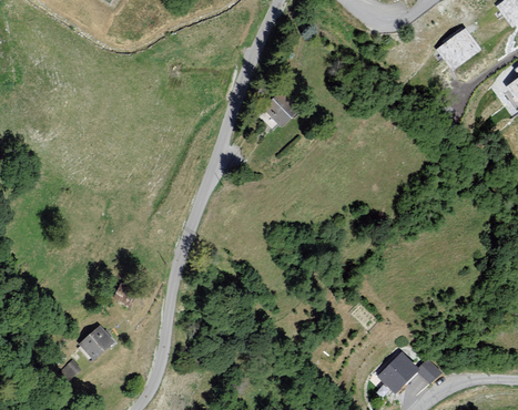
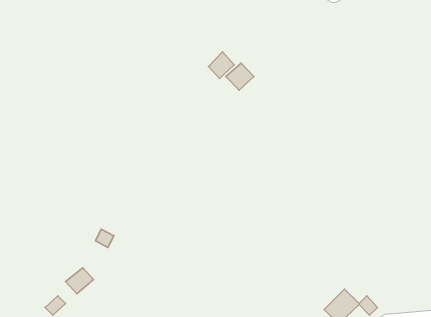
building: [436,29,477,66] -> none
building: none -> [209,52,234,79]

